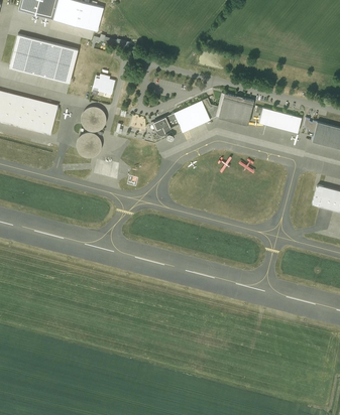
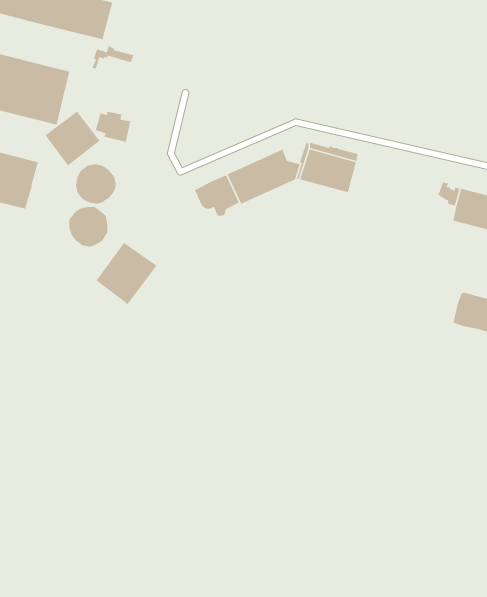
building: none -> [44,111,100,166]
building: [258,108,302,133] -> none
building: none -> [95,242,158,305]

